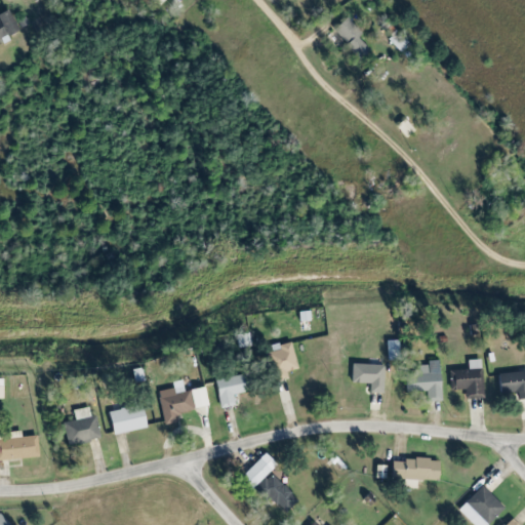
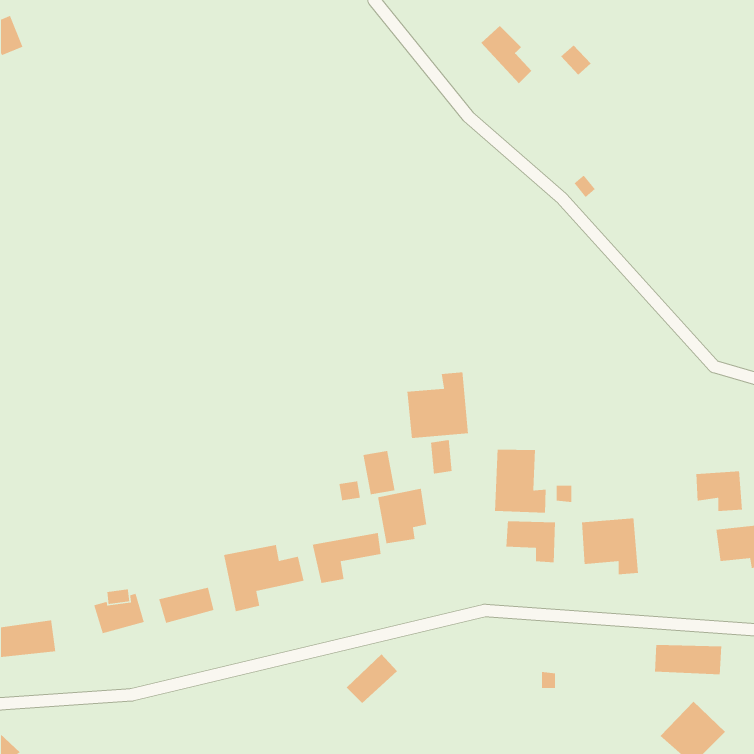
building: none -> [407,371,469,439]
building: none -> [494,449,546,513]
building: none -> [363,450,395,495]
building: [451,365,484,394] -> [695,470,743,512]
building: [392,460,439,482] -> [654,644,722,675]
building: [259,476,298,515] -> none

